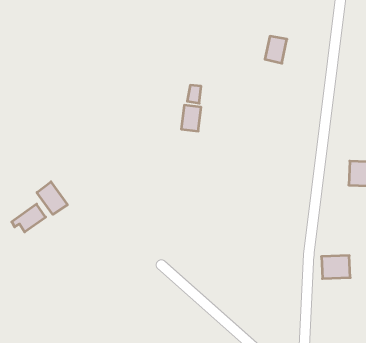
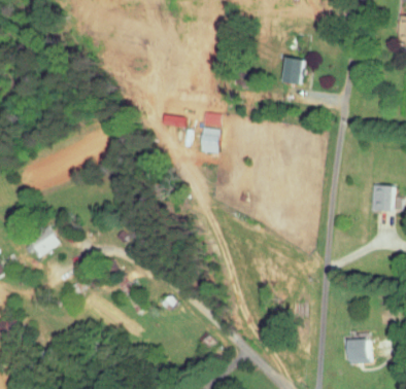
building: [37,182,67,214] -> none
building: [321,256,350,279] -> [345,340,375,363]

